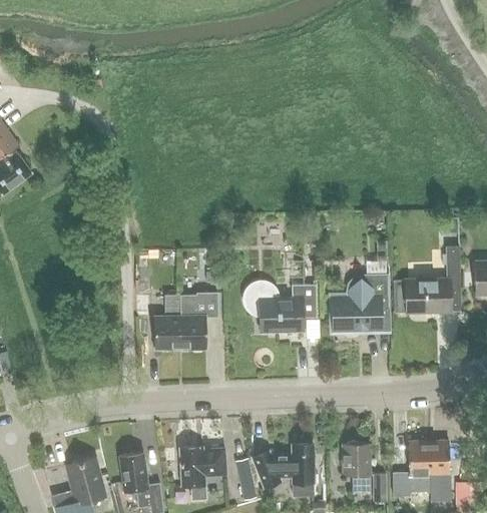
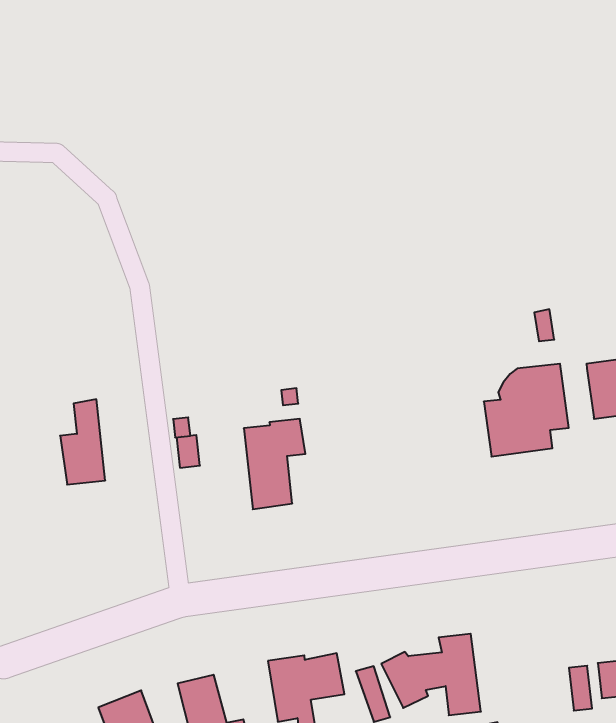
building: [246,283,316,333] -> none
building: [153,295,179,348] -> [60,399,105,485]
building: [342,443,369,492] -> none

